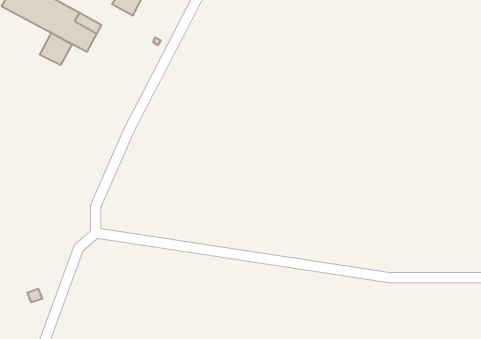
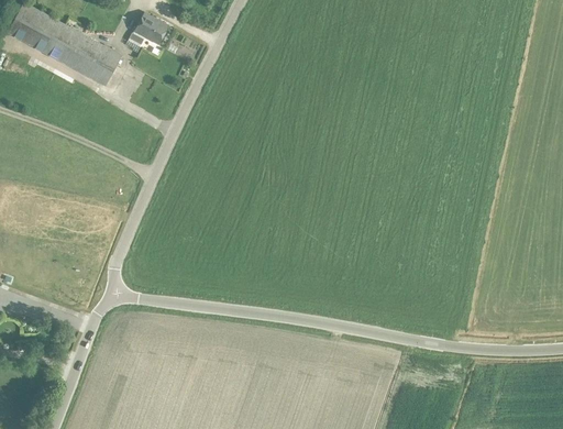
building: [40,33,72,65] -> none

